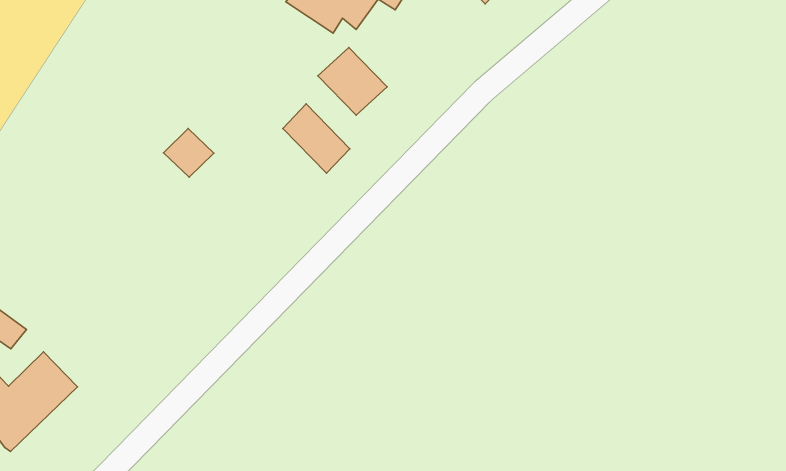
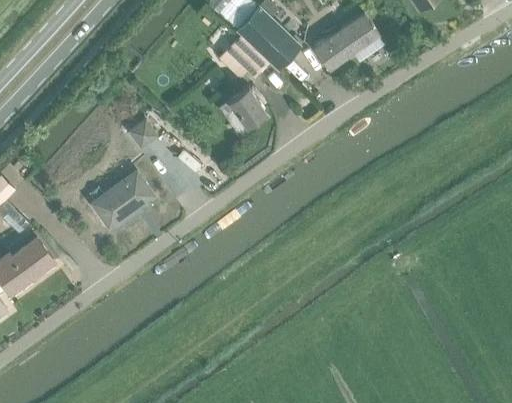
building: [283,104,350,173] -> none
building: none -> [90,171,153,228]

